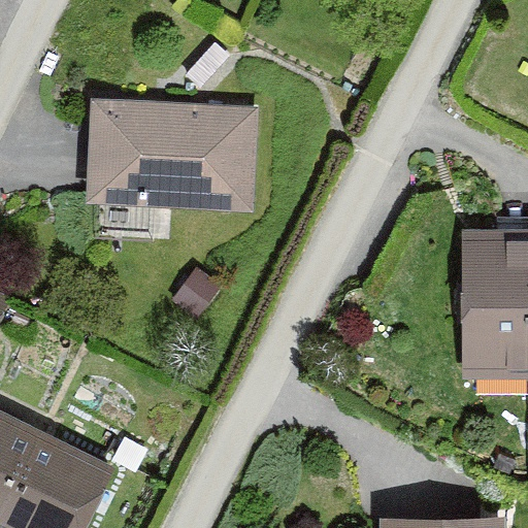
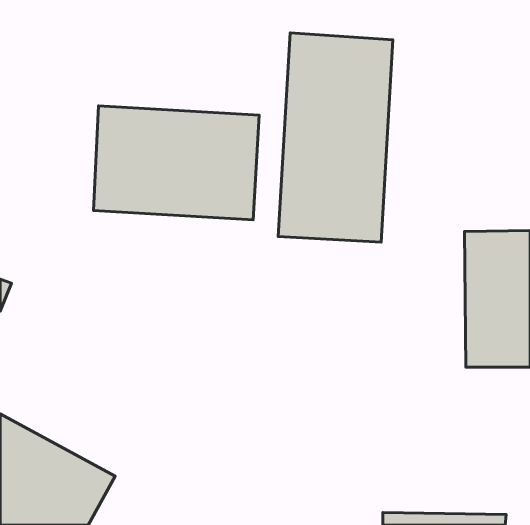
building: none -> [278,33,393,242]

